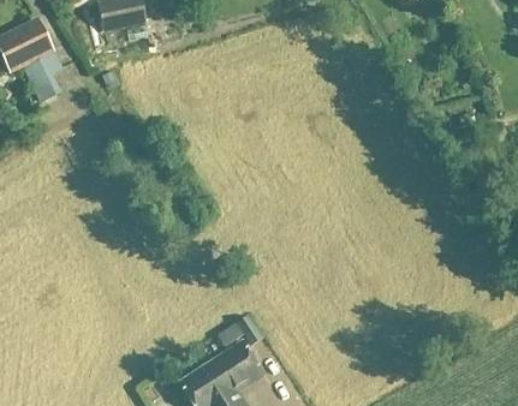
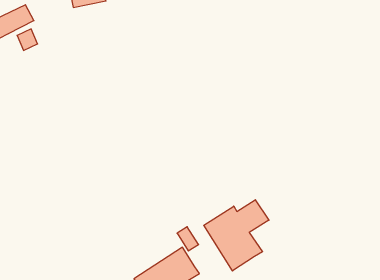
building: none -> [204,200,269,271]

